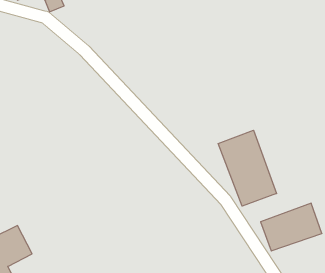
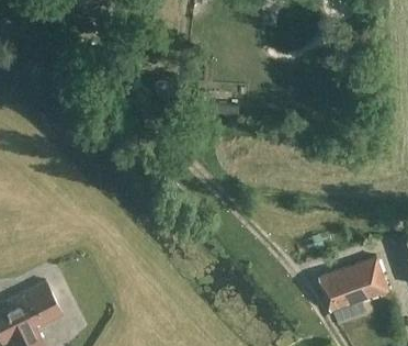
building: [218,130,277,206] -> none

